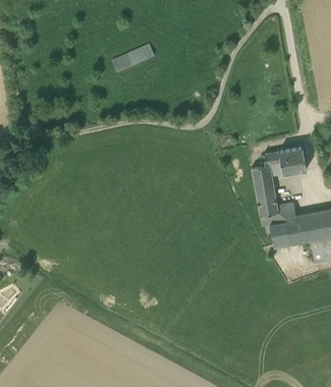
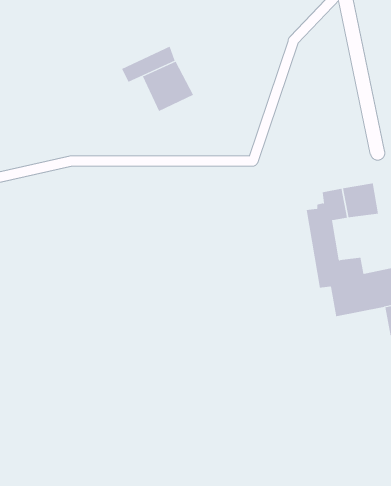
building: none -> [142,61,194,112]

